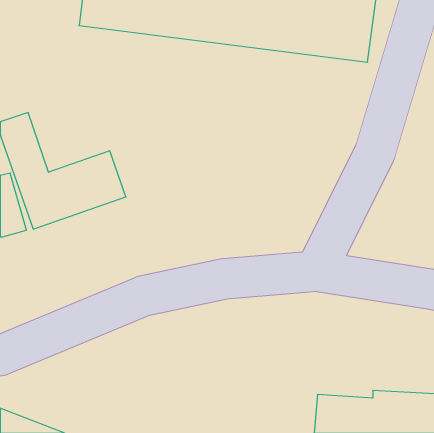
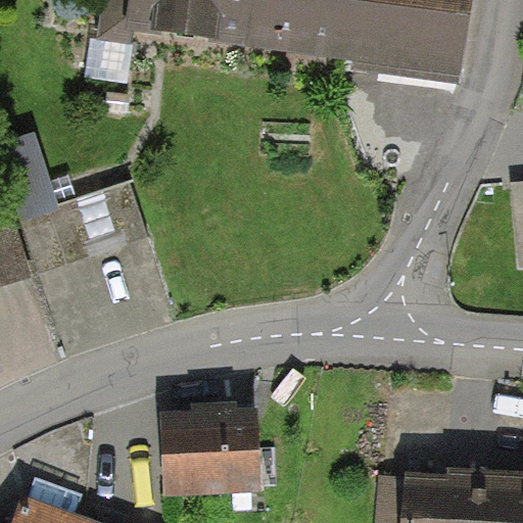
building: none -> [162,410,263,495]

